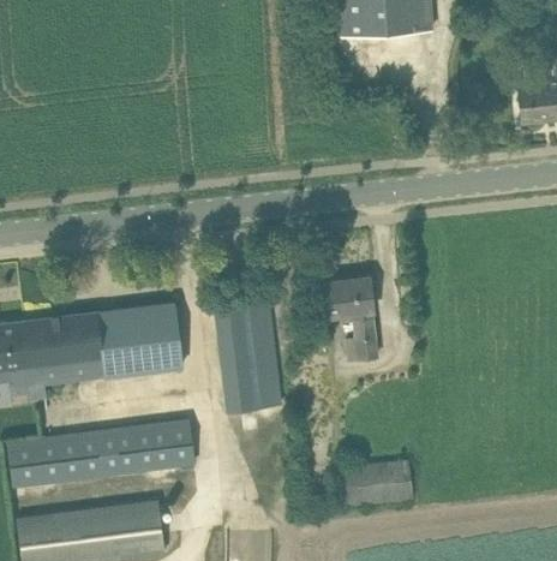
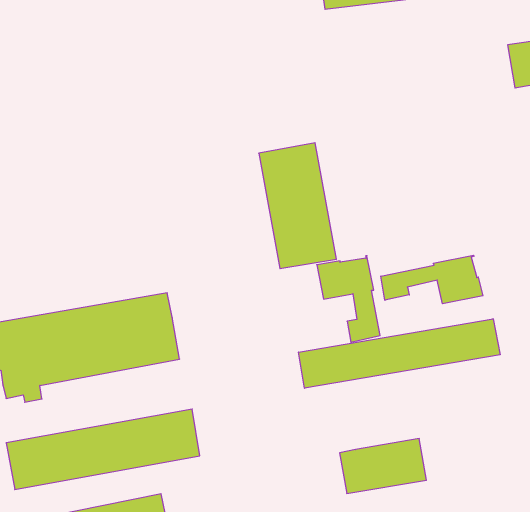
building: none -> [381,255,483,304]
building: [212,292,282,412] -> [259,143,336,269]
building: none -> [299,319,500,388]

